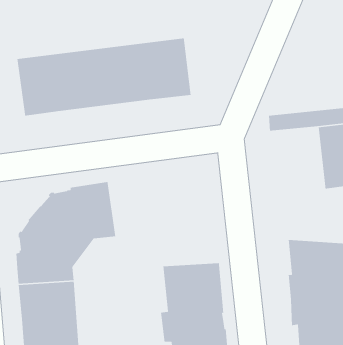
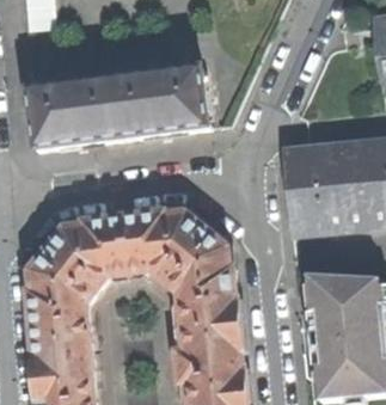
building: none -> [292,162,349,228]
building: none -> [125,214,239,306]

